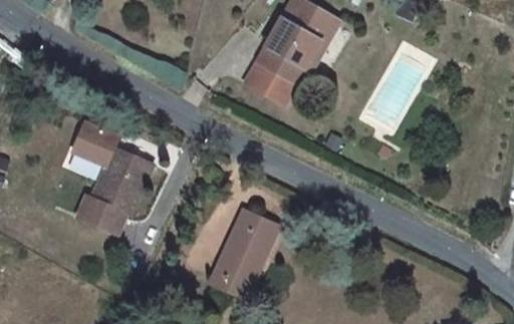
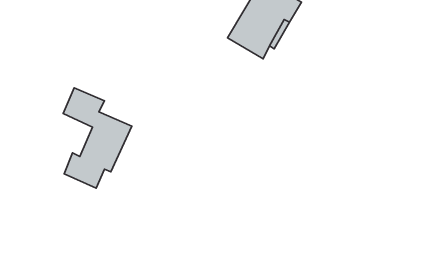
building: [243,63,299,111] -> none
building: [208,212,275,295] -> none

